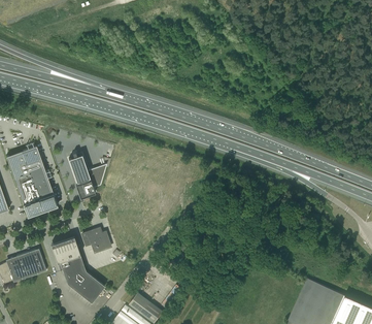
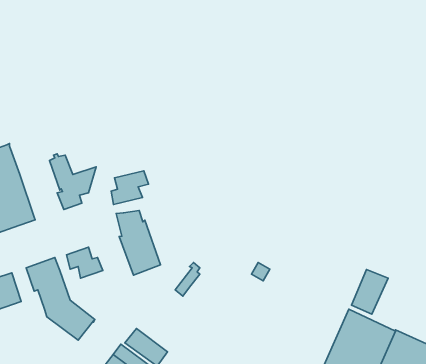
building: none -> [111,171,148,204]
building: none -> [116,210,160,275]
building: none -> [351,270,388,314]

